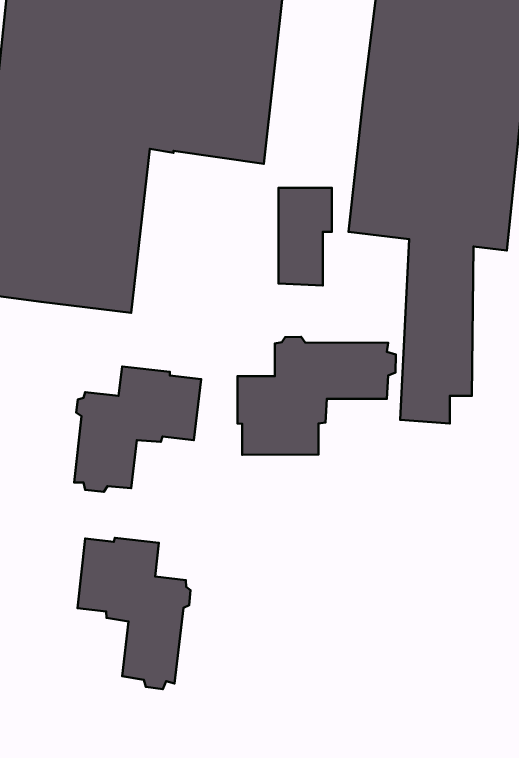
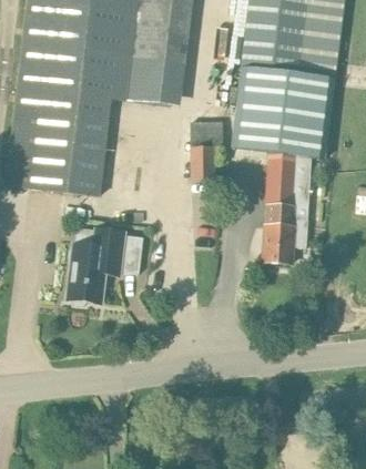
building: [238,337,396,455] -> none
building: [77,538,191,689] -> none

